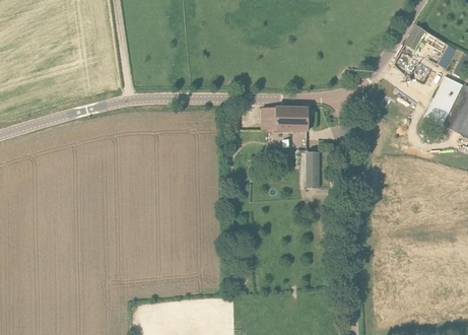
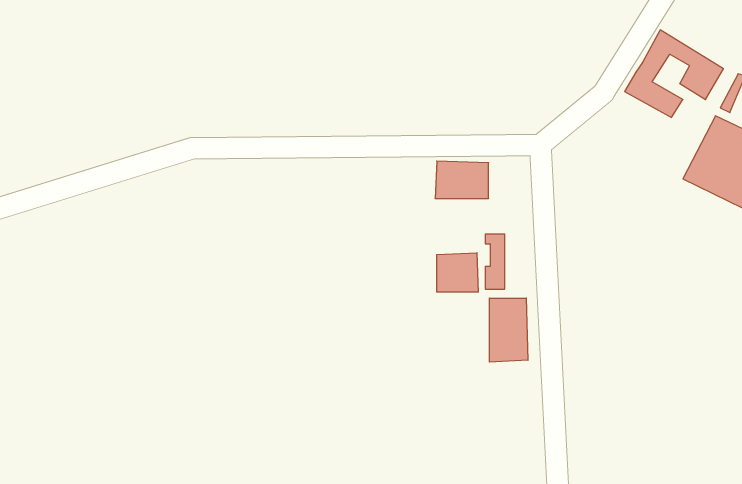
building: none -> [437,253,478,292]
building: none -> [489,298,528,362]

